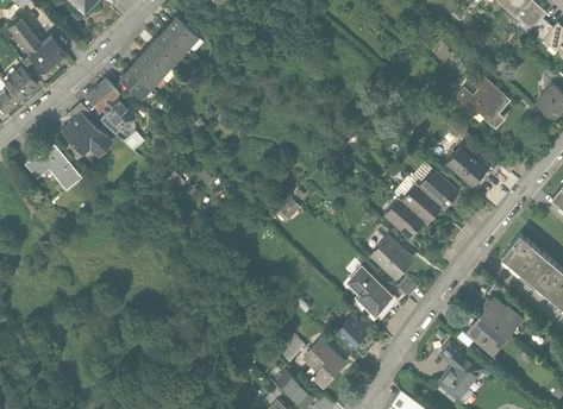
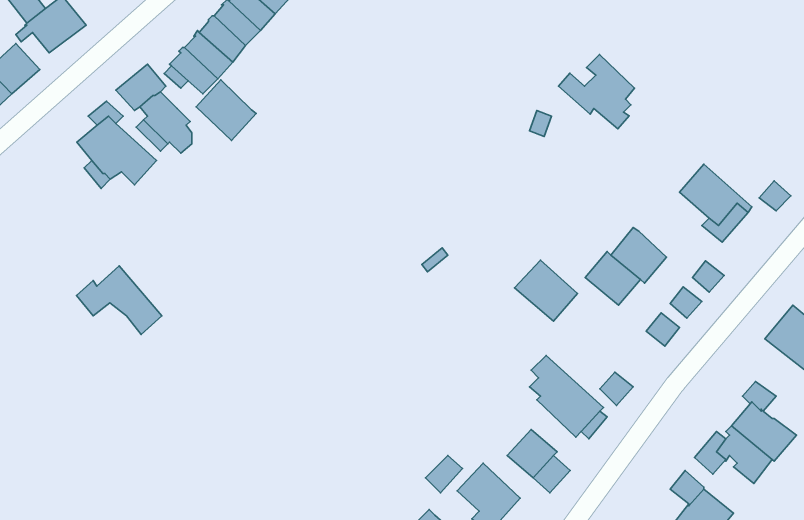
building: [456,76,505,124] -> [559,55,635,129]
building: none -> [196,80,256,140]
building: [25,144,80,188] -> [76,266,162,334]
building: [421,172,456,207] -> none
building: [371,238,412,277] -> [515,260,578,321]

